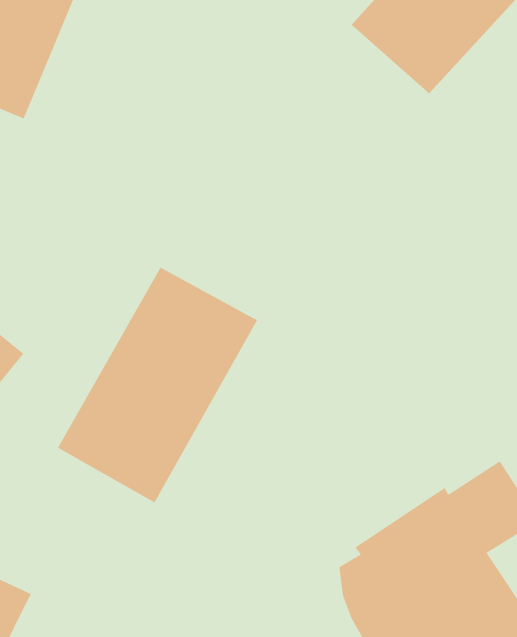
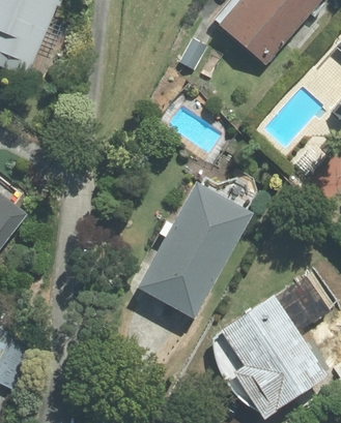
building: [57,267,258,503] -> [138,181,255,319]

